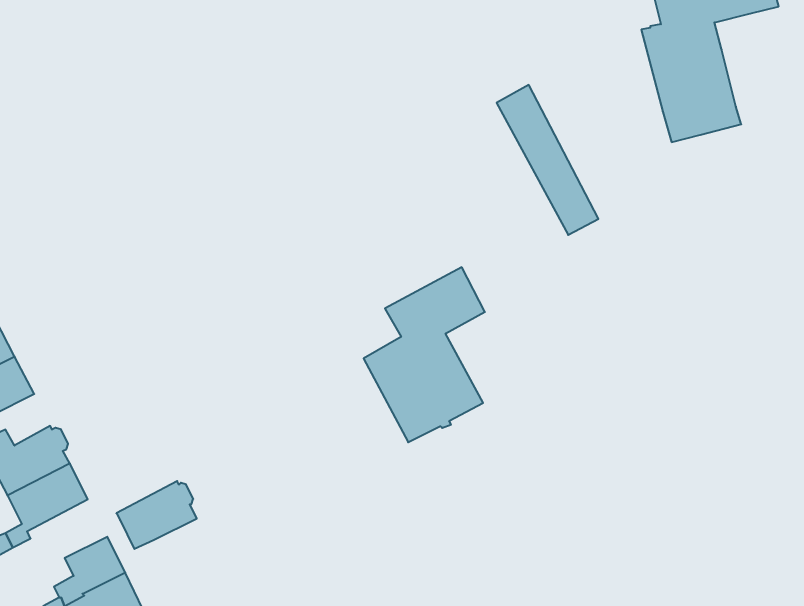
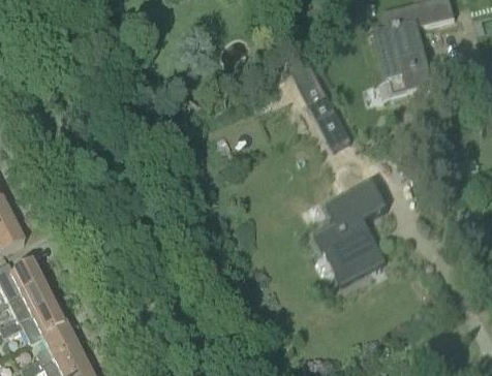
building: [364,267,485,442] -> [315,181,386,282]
building: [116,481,197,549] -> [20,303,66,342]

